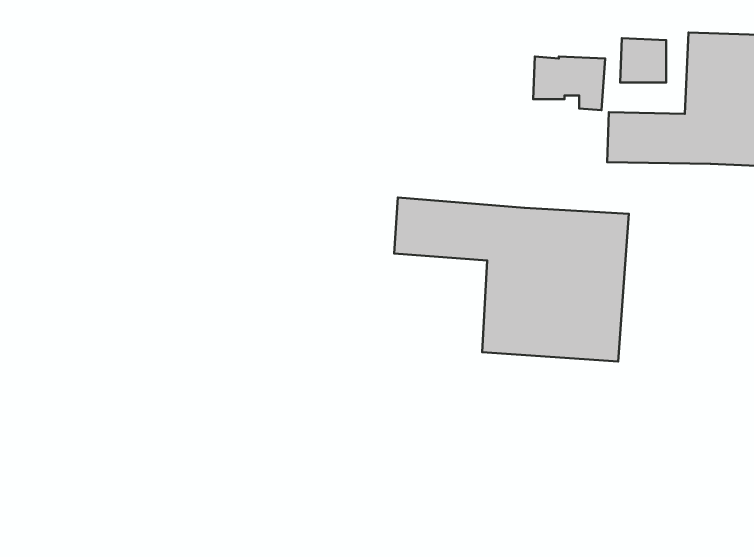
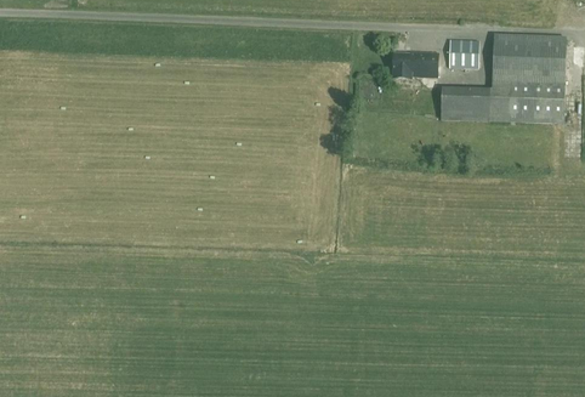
building: [394,197,629,361] -> none

